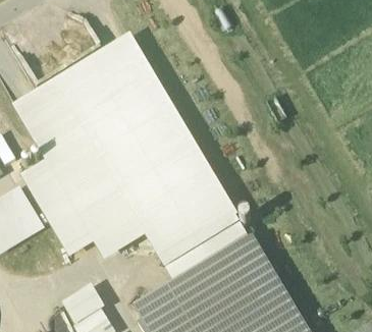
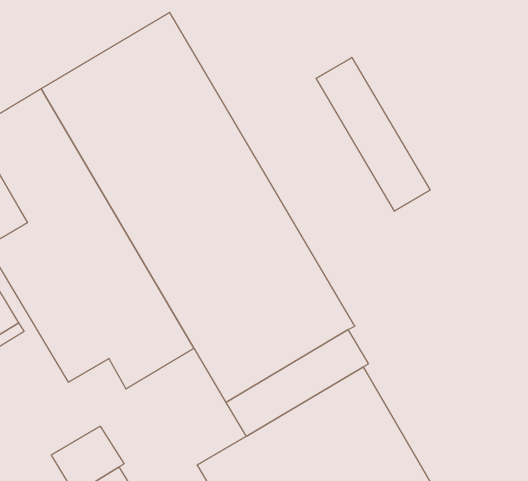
building: none -> [316,57,430,211]

